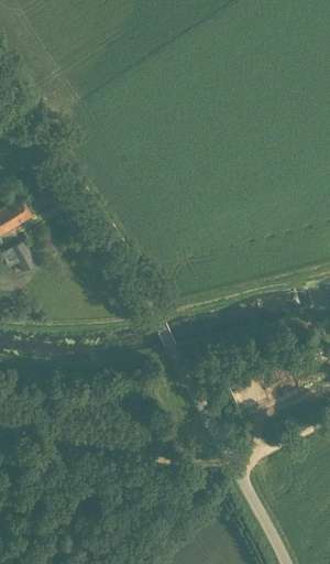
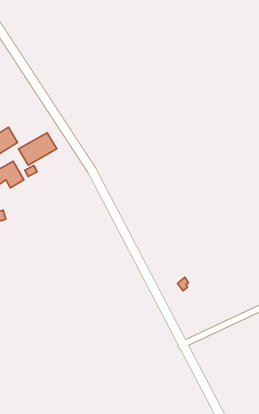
building: none -> [19,133,57,165]

